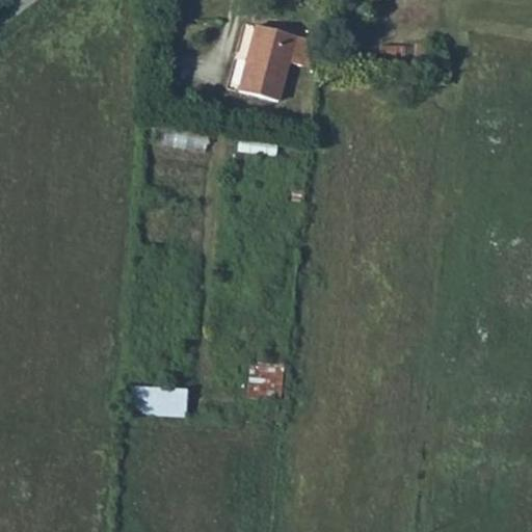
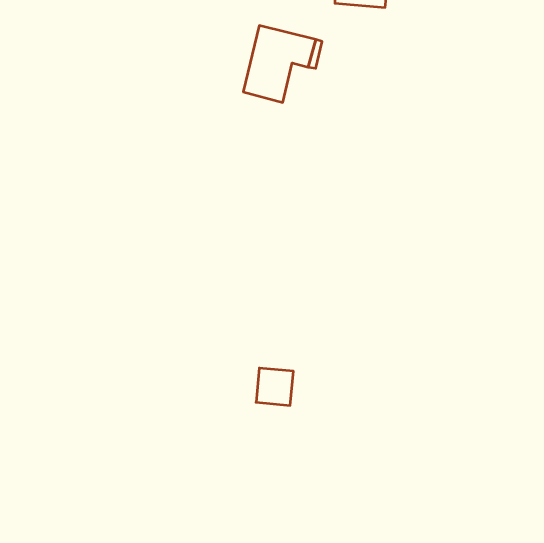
building: [133,382,189,413] -> none

